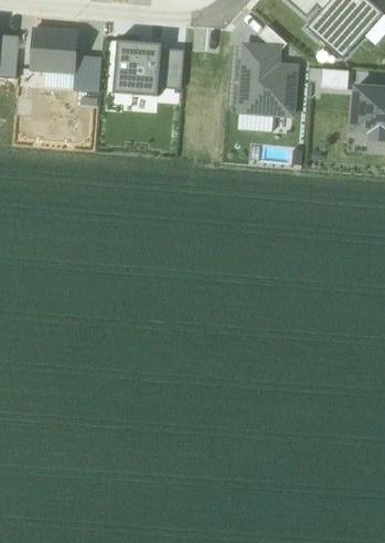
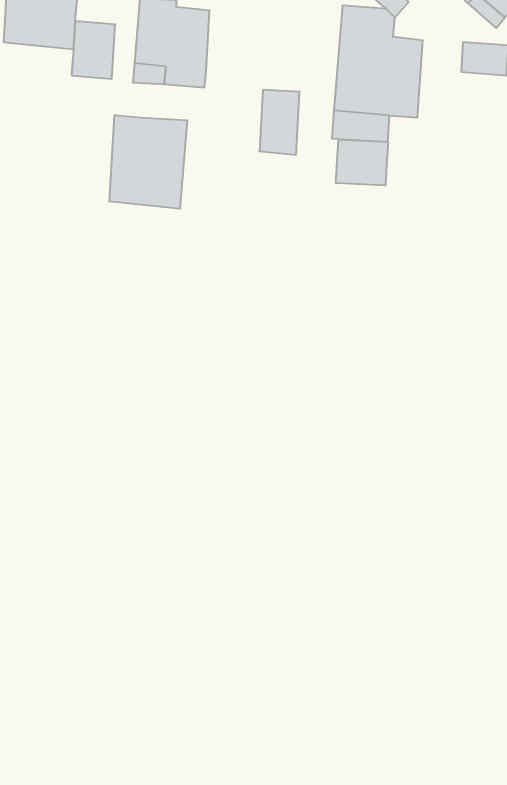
building: [158,46,183,87] -> [259,90,300,155]
building: none -> [110,115,187,209]
building: none -> [336,139,388,186]

